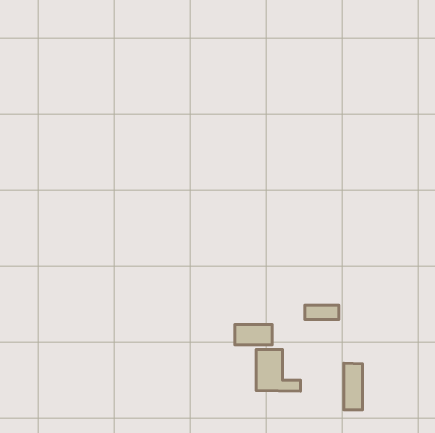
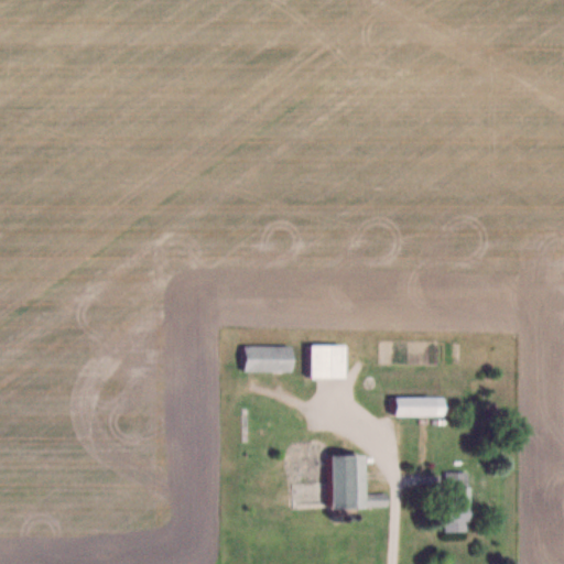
building: none -> [312,345,347,379]
building: [235,324,272,345] -> [245,347,293,373]

